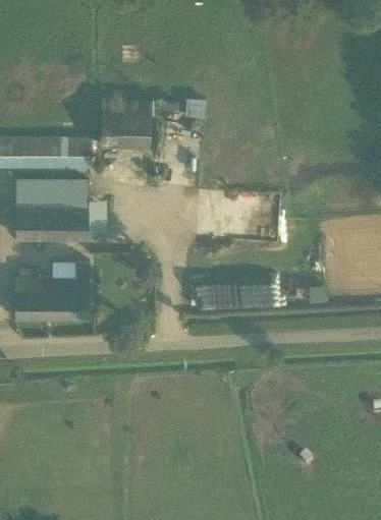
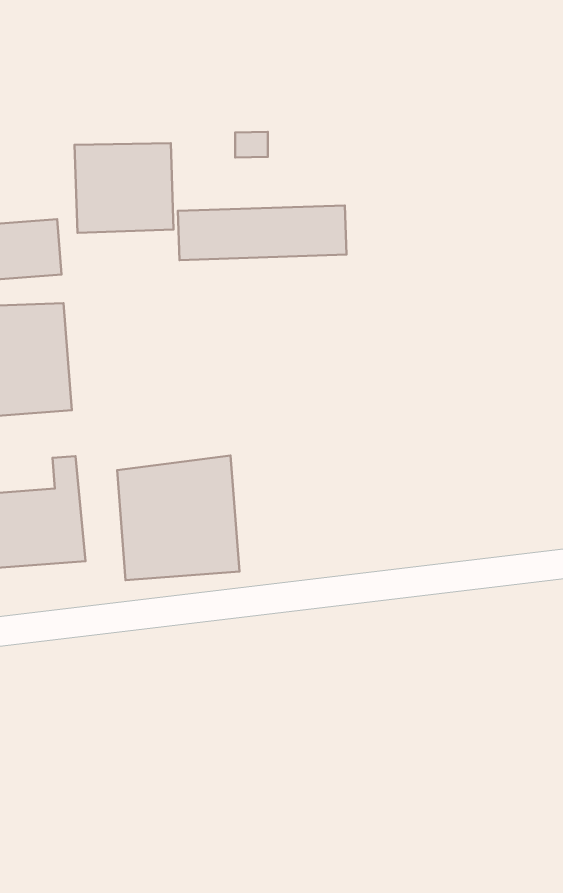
building: none -> [178,205,346,260]
building: none -> [117,455,239,580]

